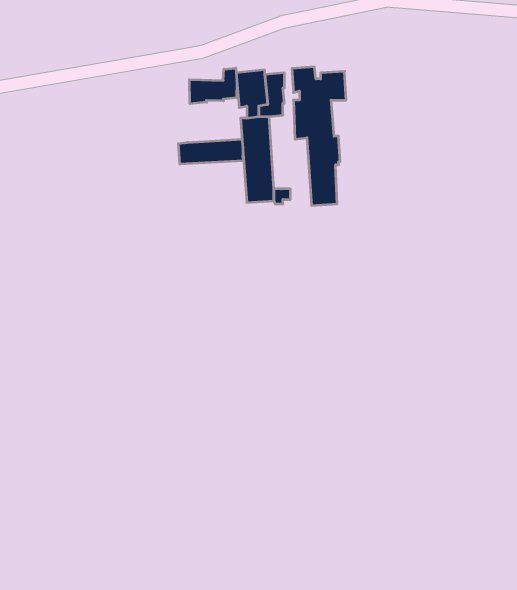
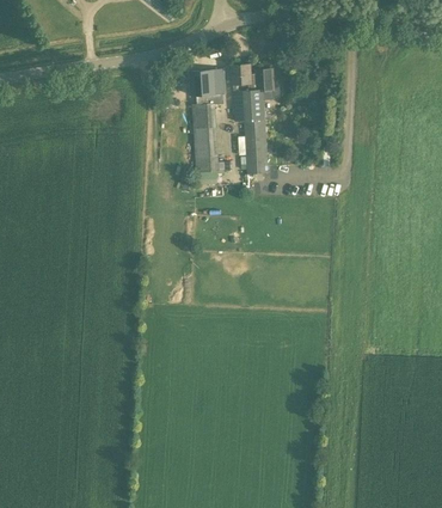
building: [189,68,237,104] -> none
building: [178,139,243,164] -> none

